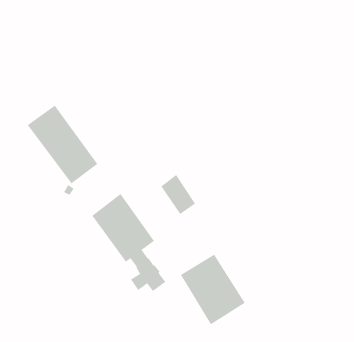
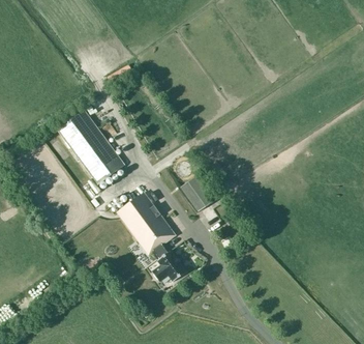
building: [180,254,246,325] -> none

